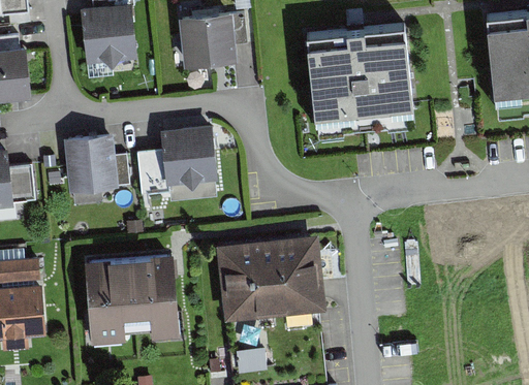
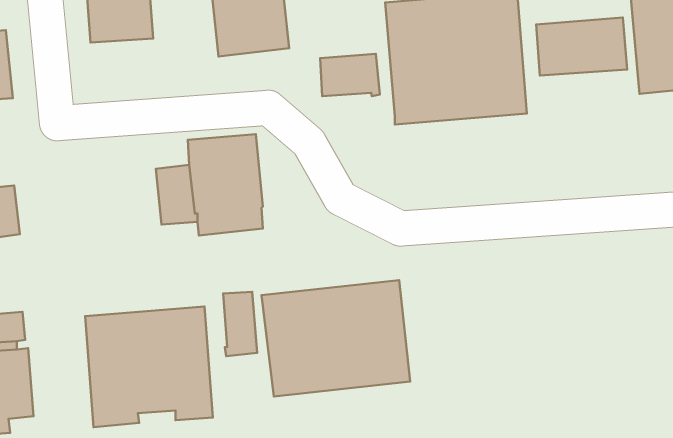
building: none -> [536,17,627,76]
building: none -> [320,54,380,96]
building: [63,135,117,193] -> none
building: none -> [223,292,257,356]

